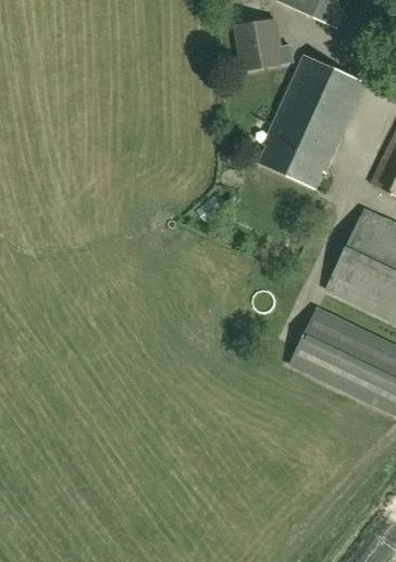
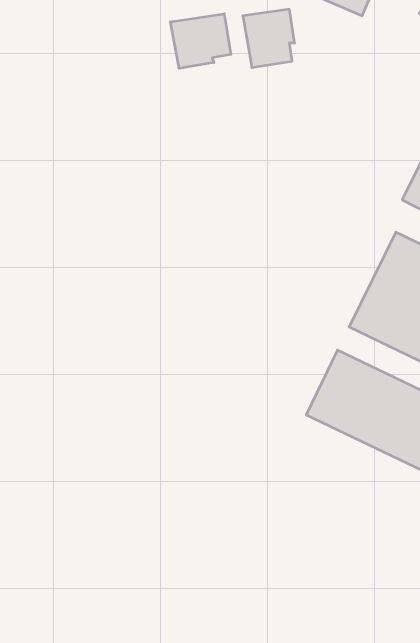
building: none -> [170,14,231,68]
building: [260,56,364,186] -> none

